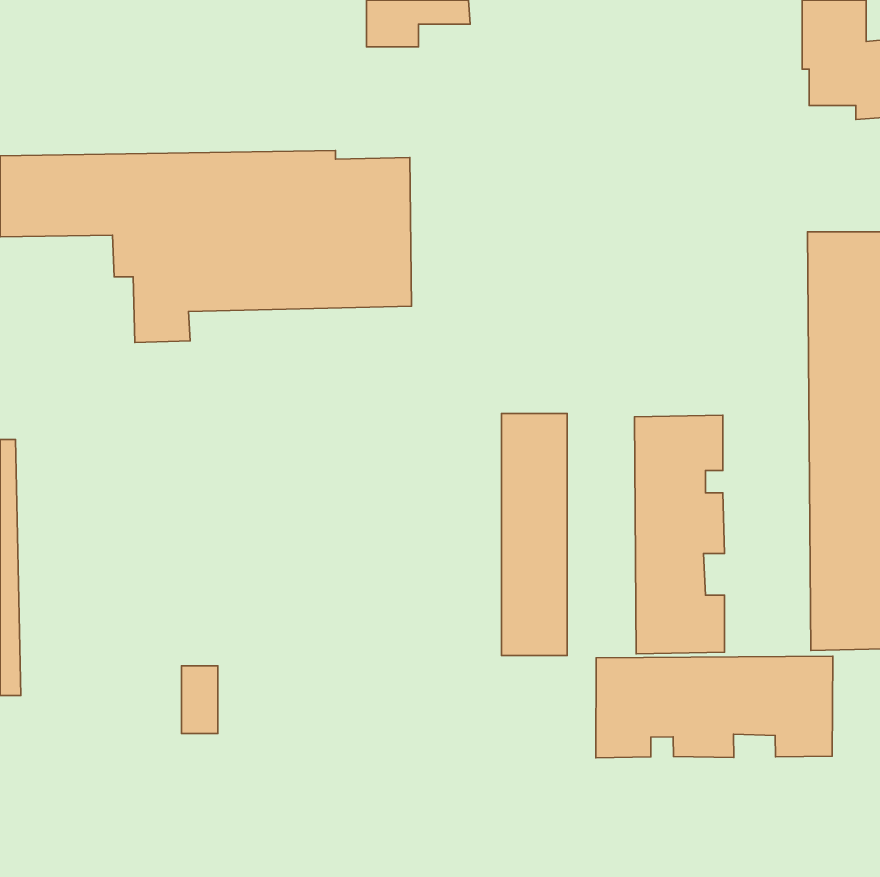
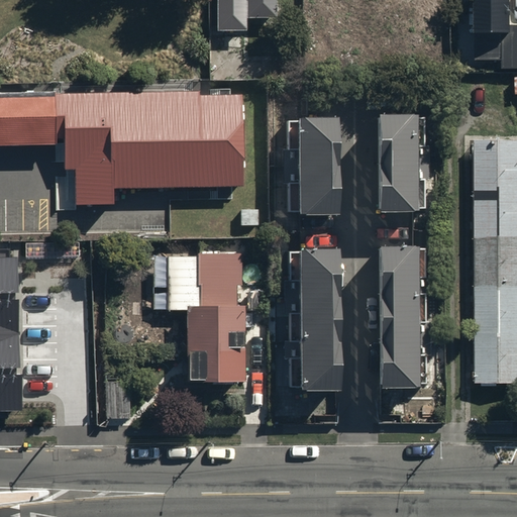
building: none -> [372,111,426,214]
building: none -> [293,113,335,214]
building: none -> [169,254,260,388]
building: [596,656,833,758] -> none

